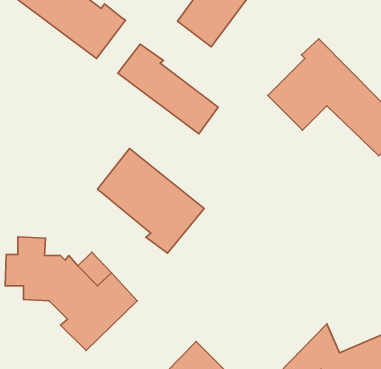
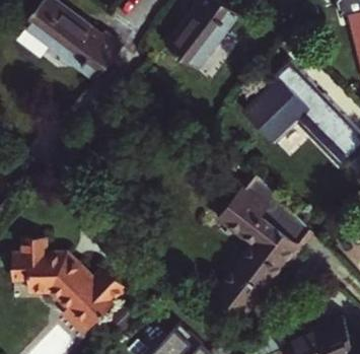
building: [118,44,218,134] -> none
building: [97,149,204,253] -> none
building: none -> [219,175,312,314]

